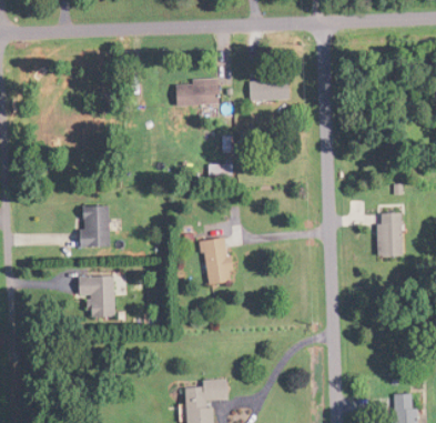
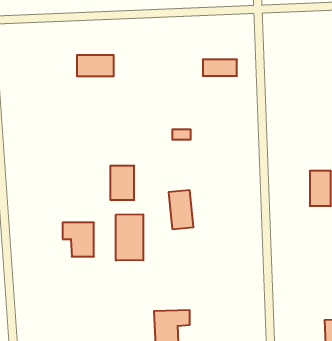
building: [173,80,217,105] -> [77,55,114,76]
building: [80,205,109,246] -> [110,166,134,200]
building: none -> [116,214,143,261]

